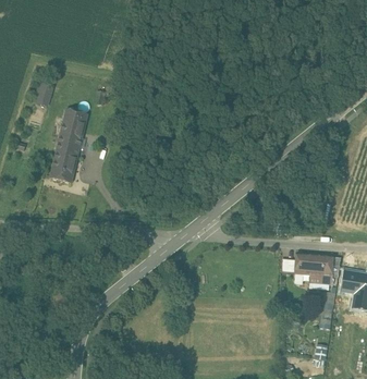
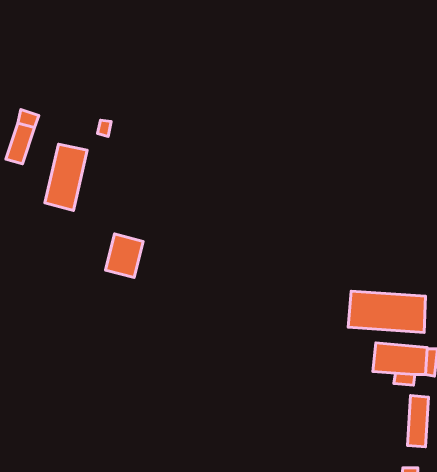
building: [50,151,77,183] -> [105,234,143,278]
building: none -> [348,291,426,333]

